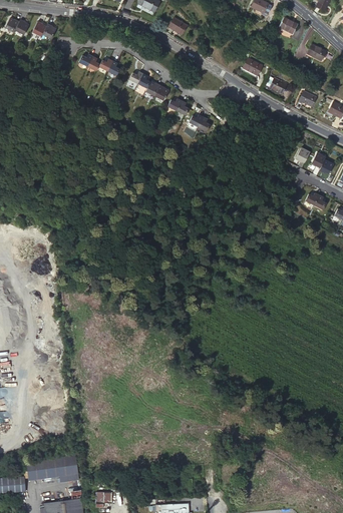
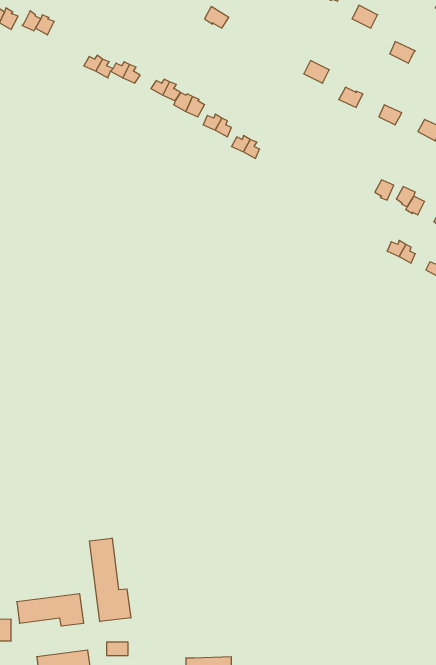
building: none -> [90,538,131,622]

